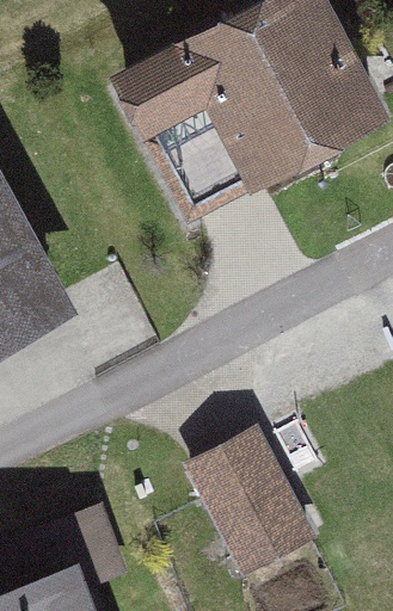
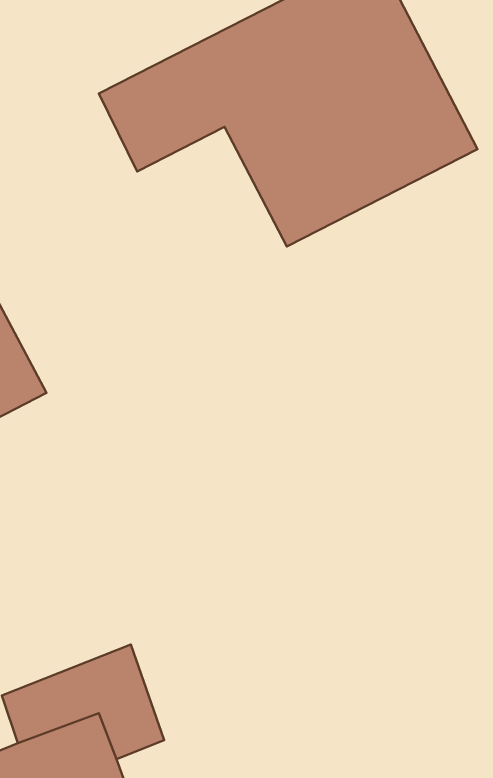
building: [191,440,317,581] -> none

